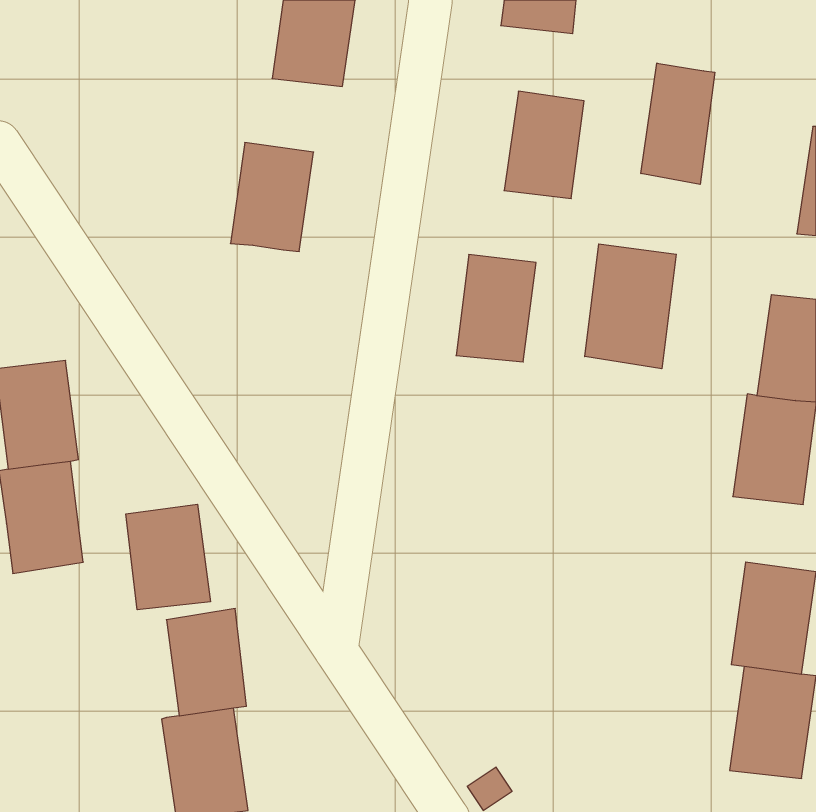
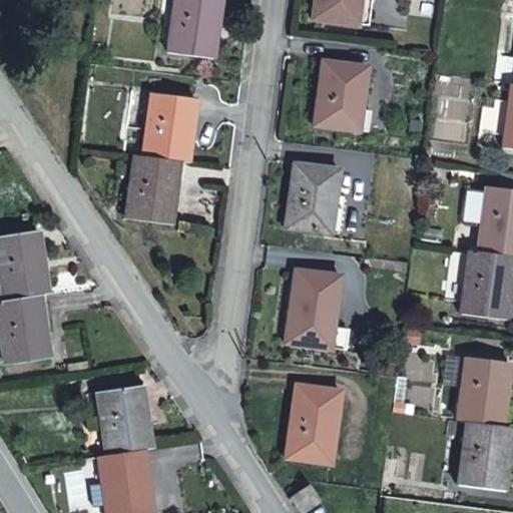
building: [641,63,715,184] -> none
building: none -> [126,155,177,222]
building: [585,244,676,369] -> none
building: none -> [290,268,342,344]
building: [126,504,210,610] -> none
building: none -> [291,384,343,463]

